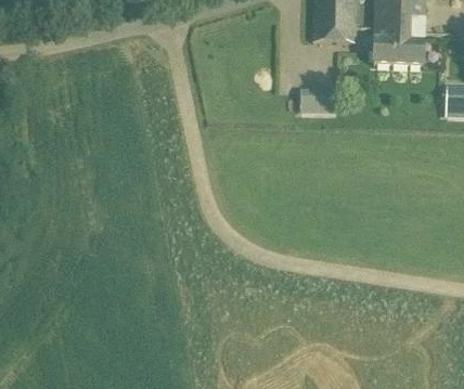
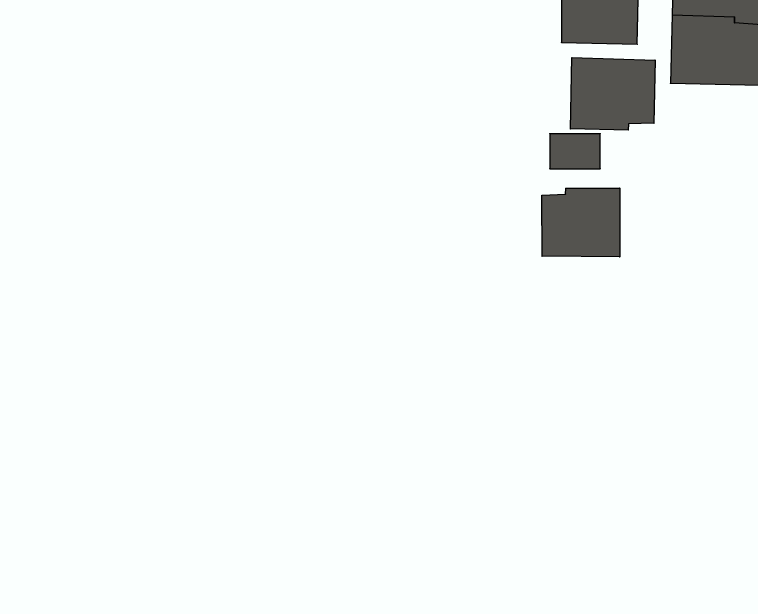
building: none -> [570,58,655,130]
building: none -> [542,188,620,257]

